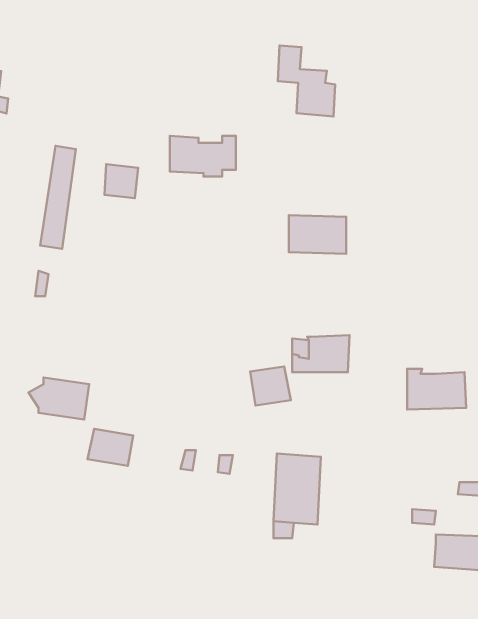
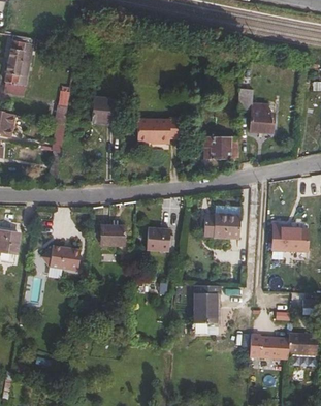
building: [278,46,335,117] -> [237,89,272,132]
building: [170,136,236,177] -> [136,121,176,146]
building: [250,367,291,405] -> [148,226,172,250]
building: [87,429,133,466] -> [96,217,124,240]
building: none -> [252,332,292,356]

